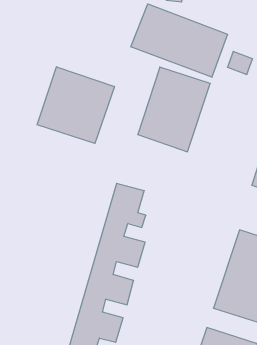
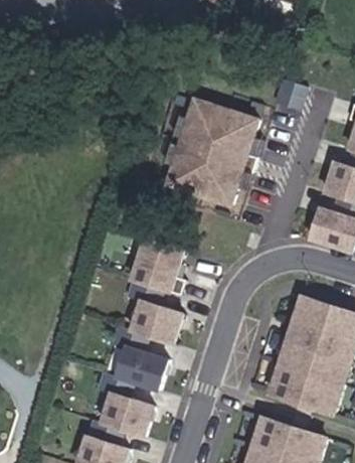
building: [131,4,227,77] -> none
building: [37,67,114,143] -> none

